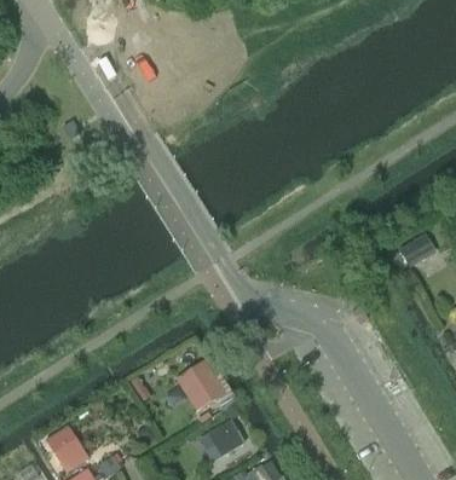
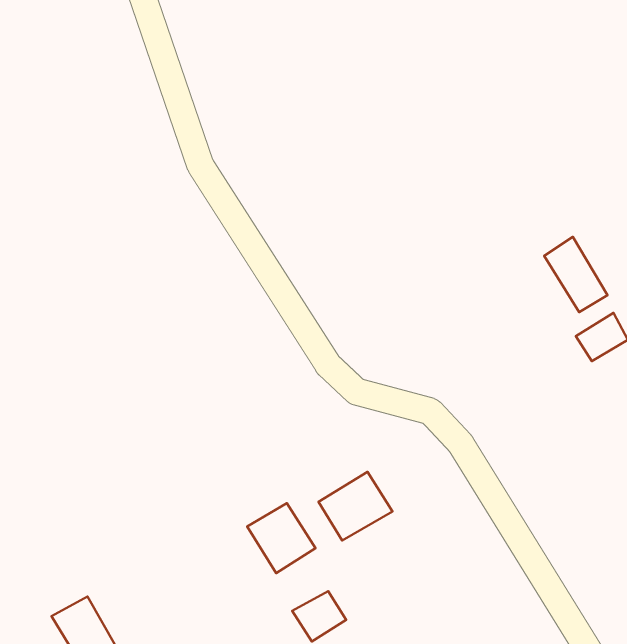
building: none -> [544,237,607,312]
building: none -> [319,472,393,540]

